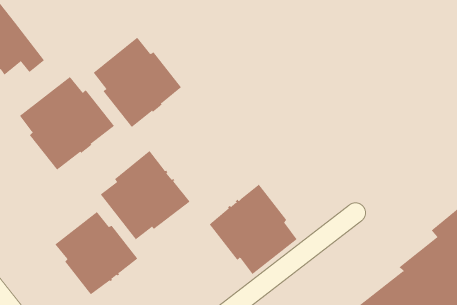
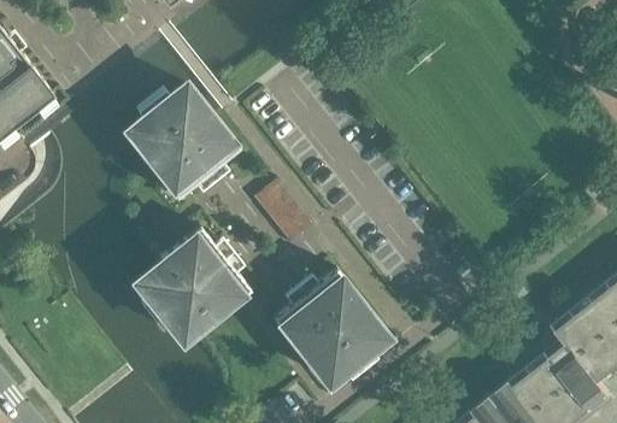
building: [19,76,115,171] -> none
building: [55,211,138,295] -> none

